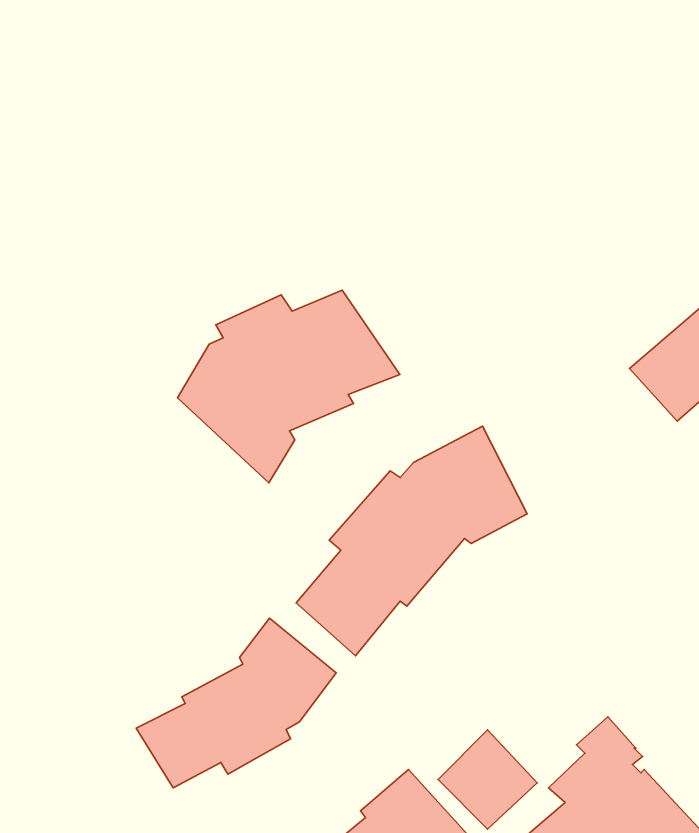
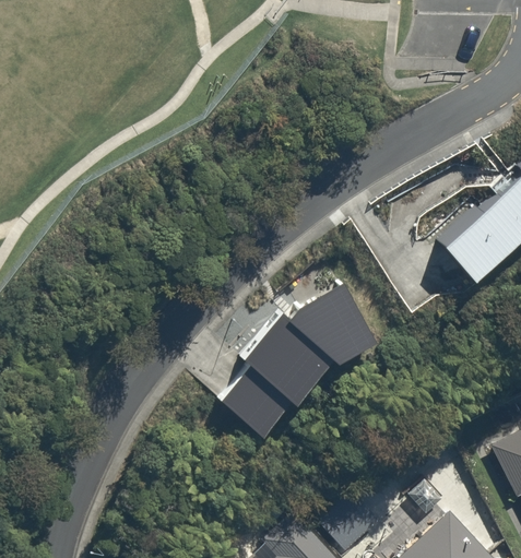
building: [177,290,400,483] -> none
building: [136,618,336,788] -> none

